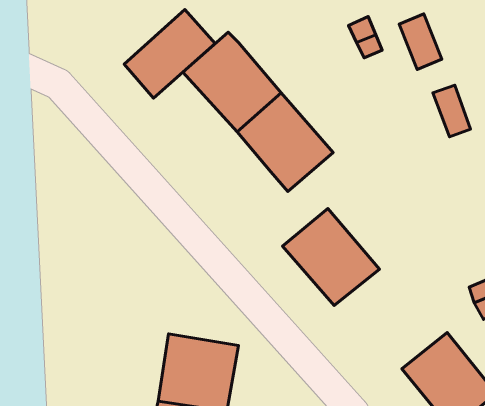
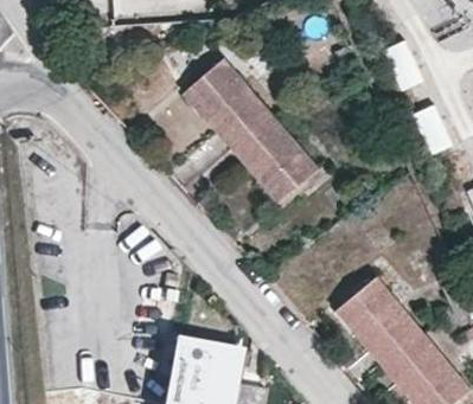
building: [124,10,215,98] -> none
building: [282,208,380,306] -> [337,277,426,366]

